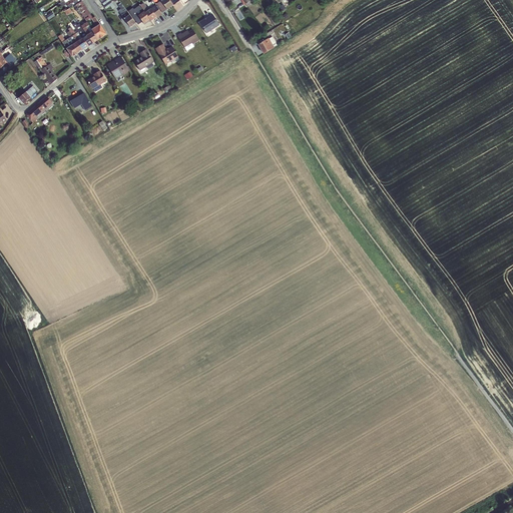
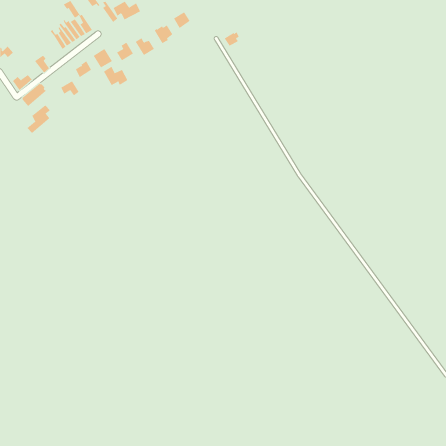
building: none -> [103,66,128,86]
building: none -> [26,104,51,134]

